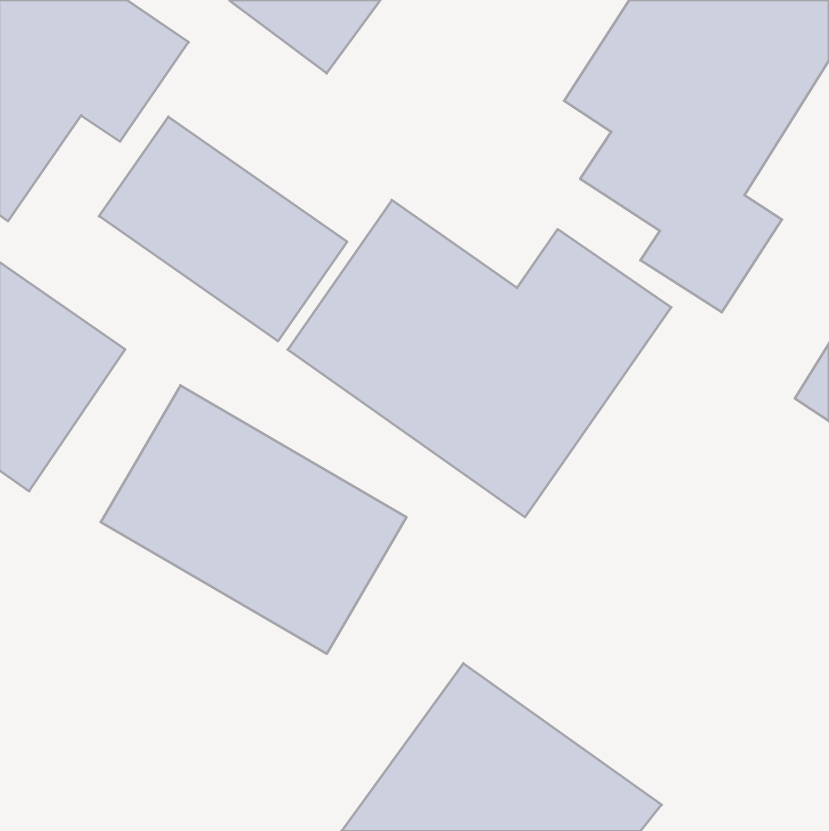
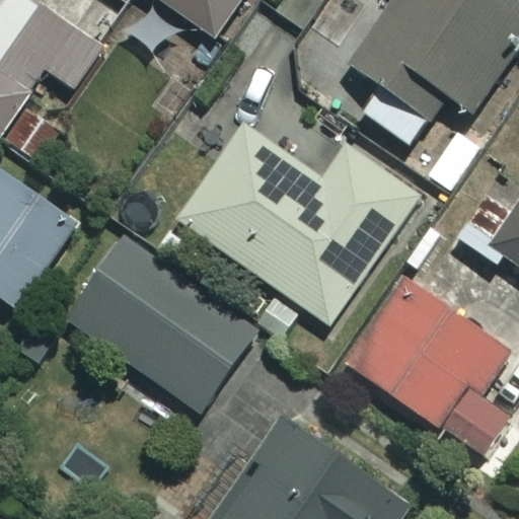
building: [99,117,347,341] -> none
building: none -> [347,277,511,453]

